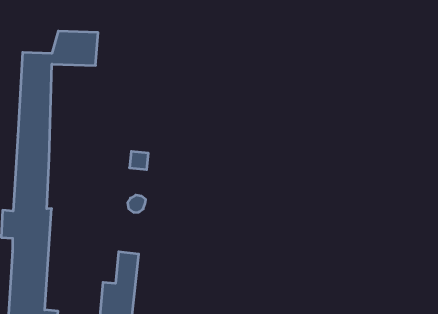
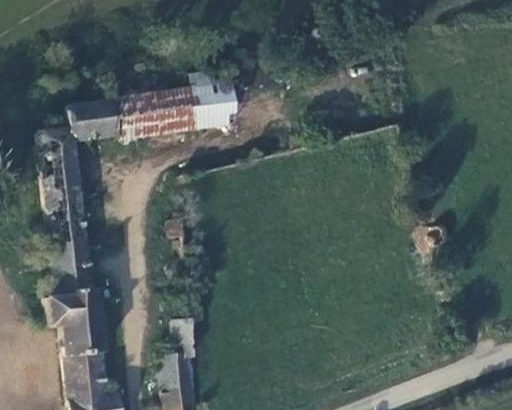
building: none -> [115,70,238,137]

